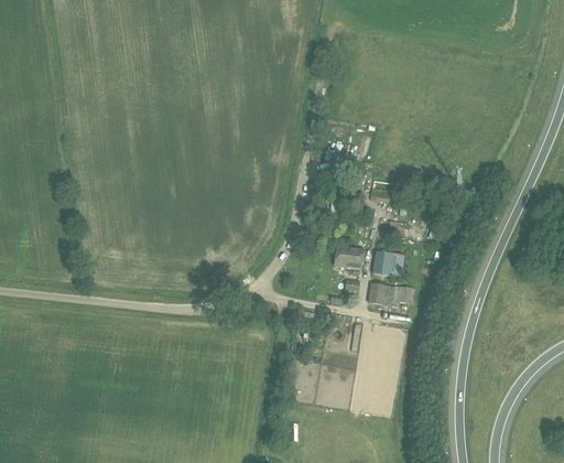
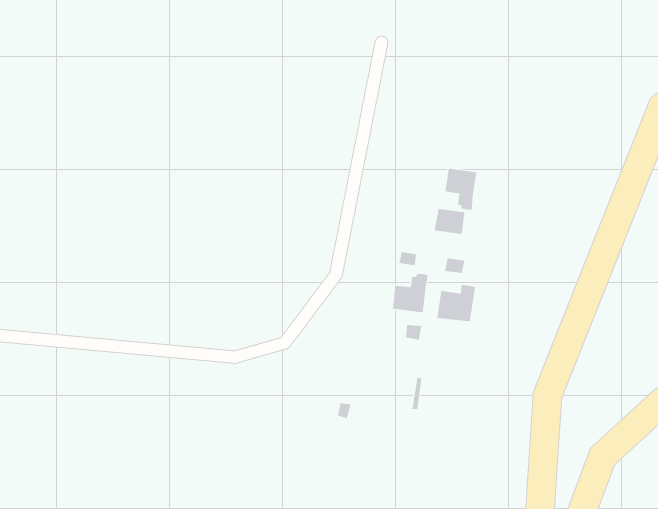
building: none -> [445,168,477,210]
building: [367,283,413,306] -> none

